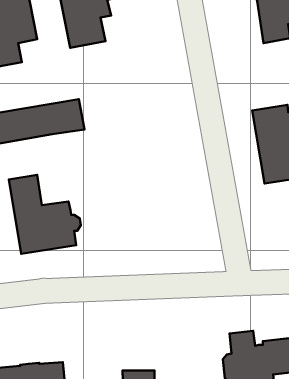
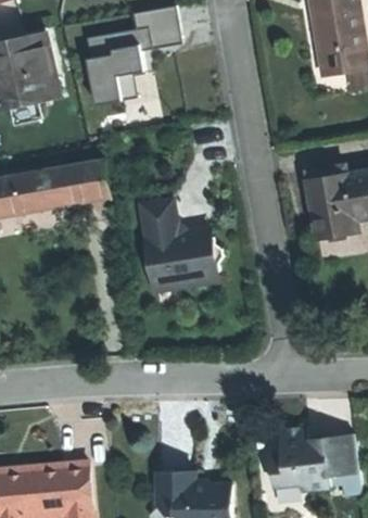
building: [9,175,81,254] -> [143,199,226,289]

